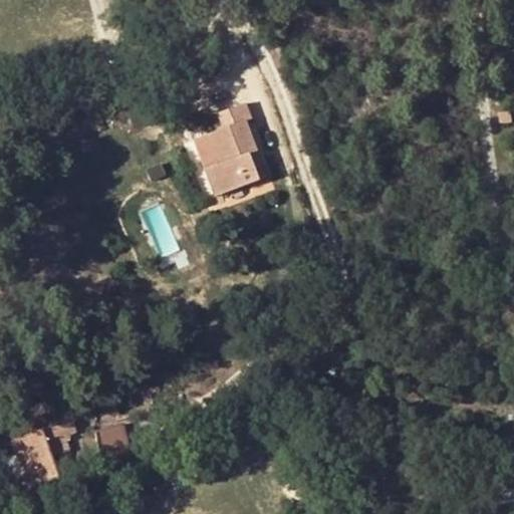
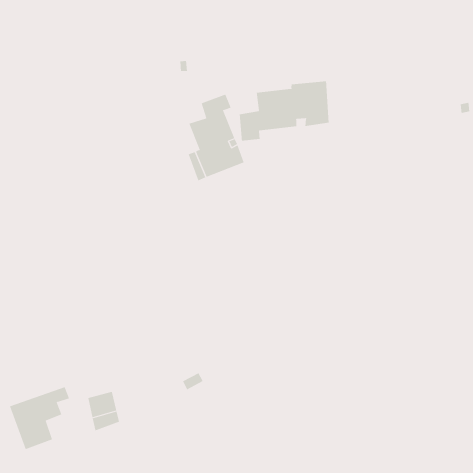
building: none -> [239,81,329,141]

